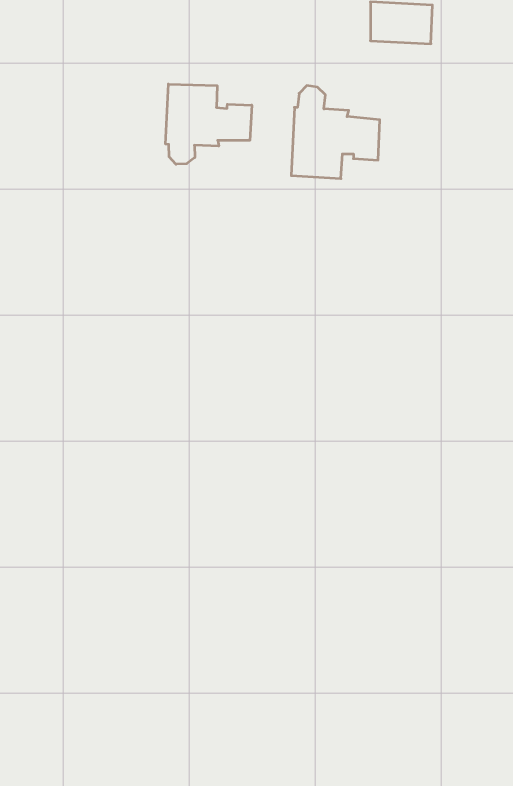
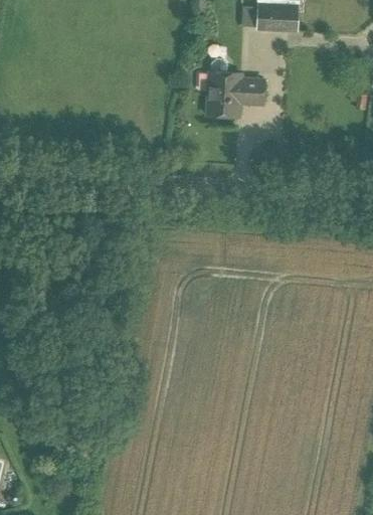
building: [166,84,252,164] -> none

